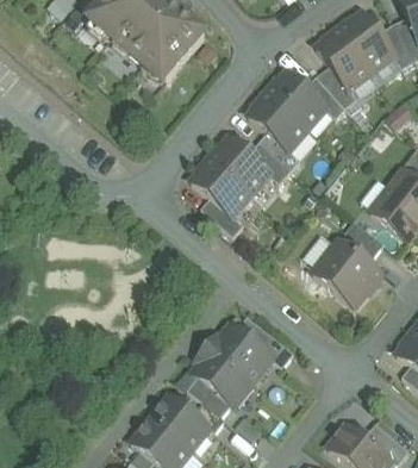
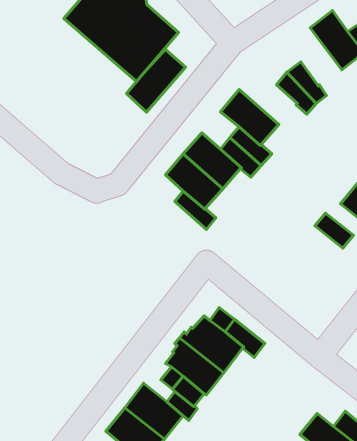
building: [314,30,370,89] -> none
building: none -> [127,49,186,112]
building: [266,71,325,129] -> none
building: [311,239,380,306] -> none

